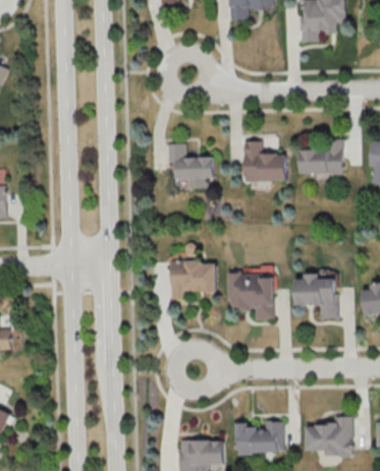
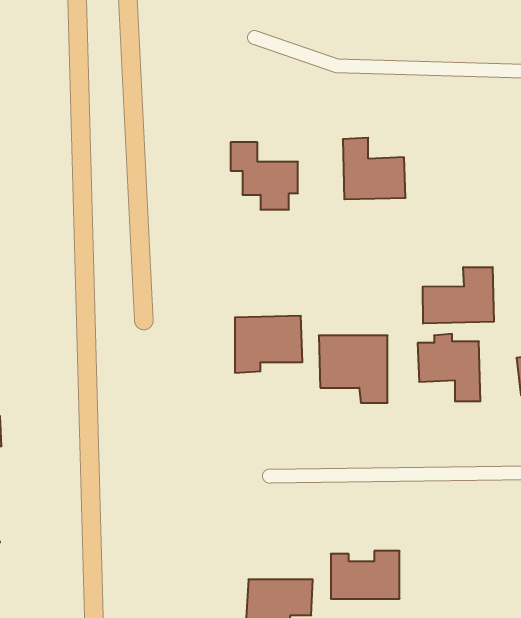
building: [300,140,342,175] -> none
building: none -> [423,267,494,324]
building: [305,417,351,457] -> none

